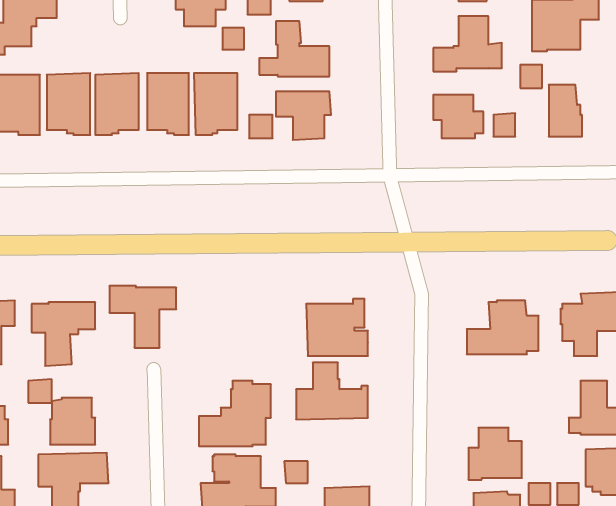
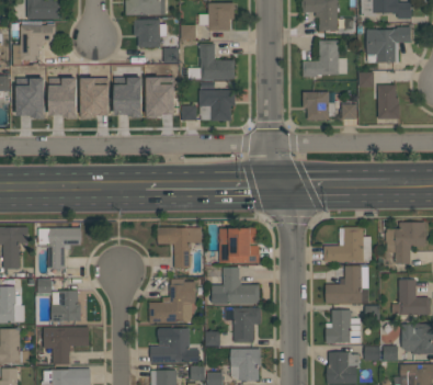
building: [109,286,176,348] -> [158,227,202,268]
building: none -> [326,265,368,304]
building: none -> [226,308,261,343]

